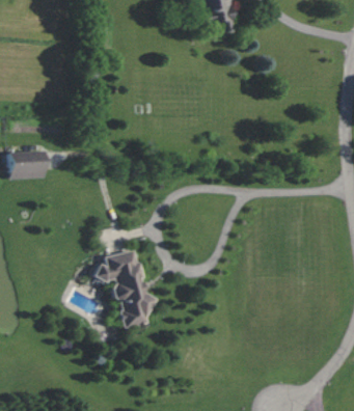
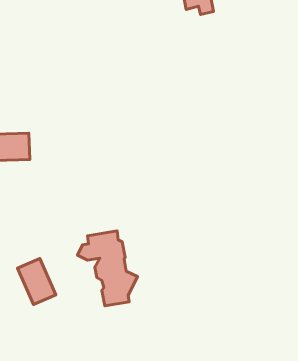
building: none -> [18,259,56,304]

